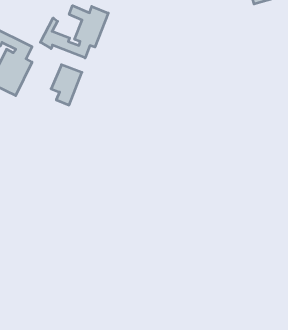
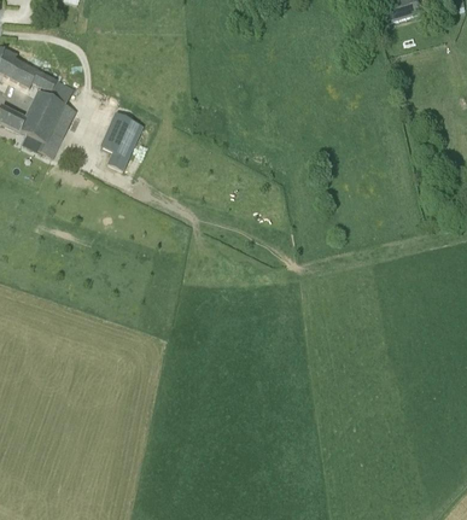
building: [40,6,108,58] -> none

